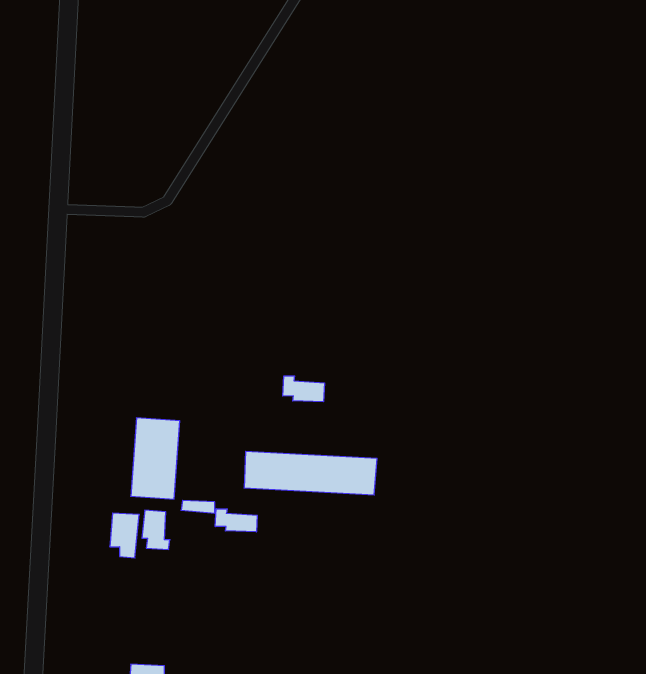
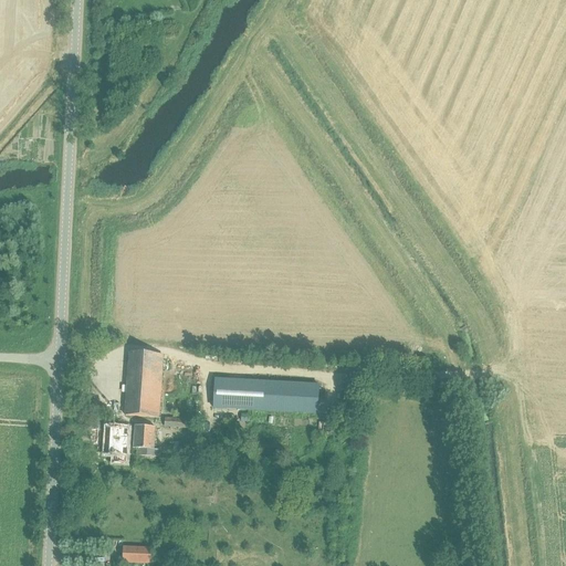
building: [283,376,324,402] -> none
building: [215,509,257,532] -> none

